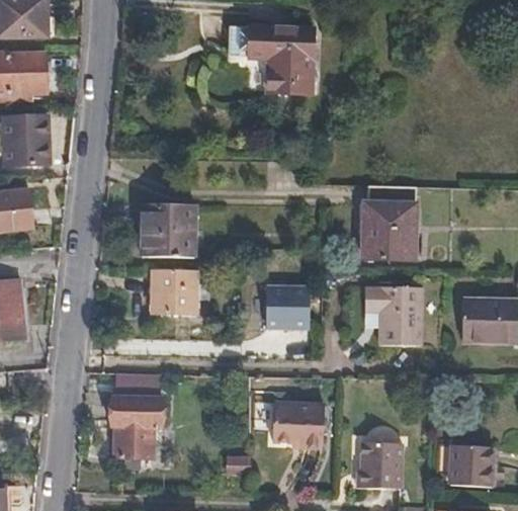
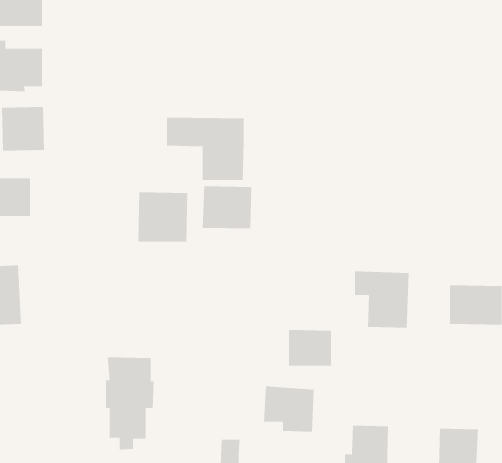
building: [230,27,310,92] -> [166,117,244,180]
building: [364,184,416,260] -> none
building: none -> [202,185,252,229]
building: [153,267,197,312] -> none
building: [264,289,309,327] -> [288,330,332,366]

